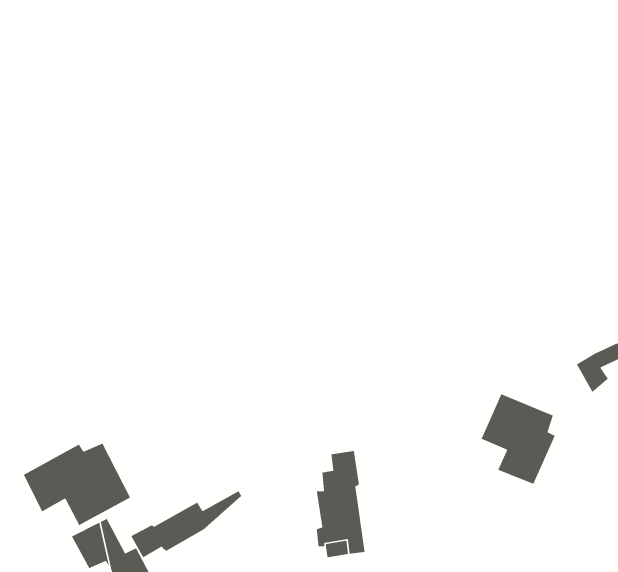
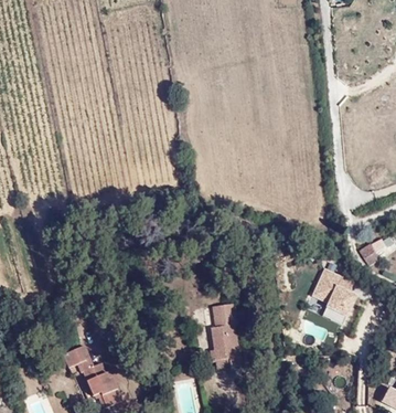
building: [23,443,131,526] -> none
building: [130,490,242,558] -> none

